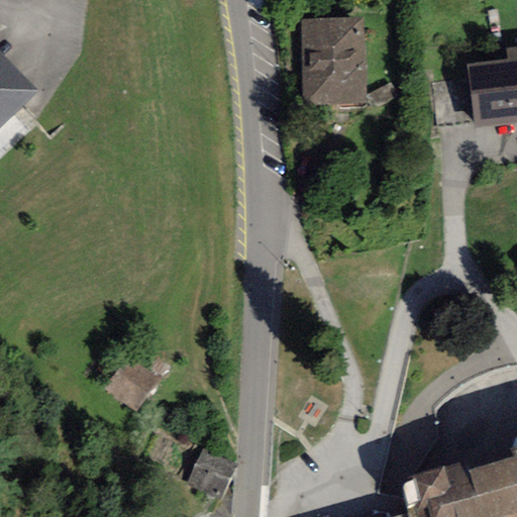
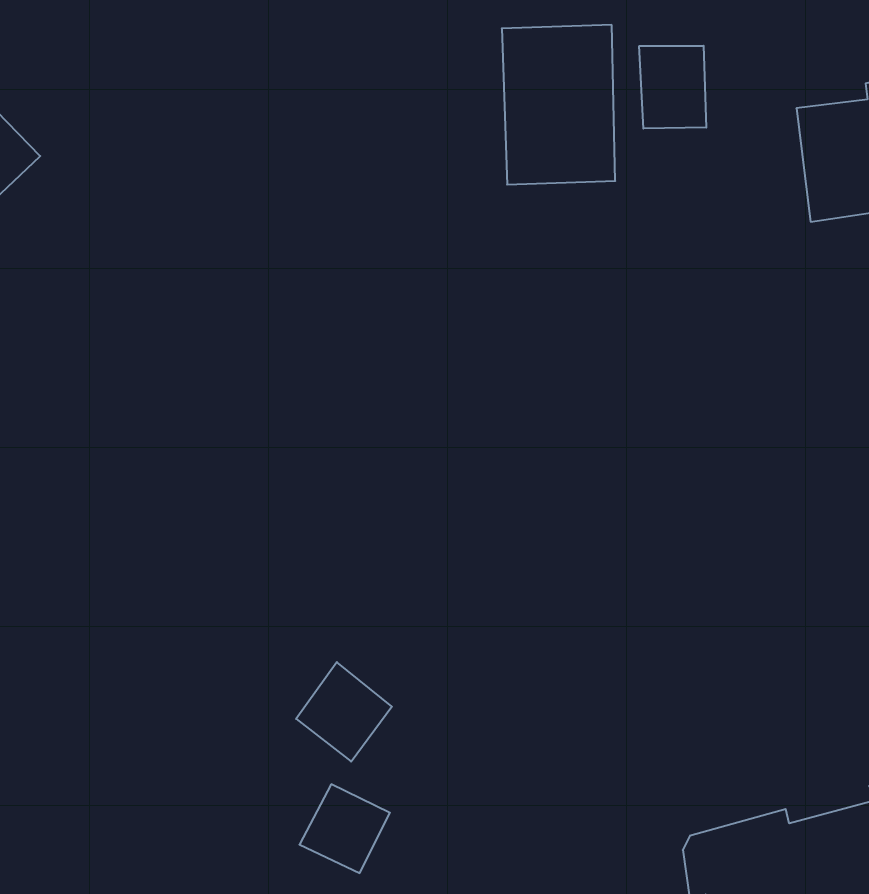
building: none -> [639,46,706,129]
building: [105,354,160,411] -> [296,662,392,762]

